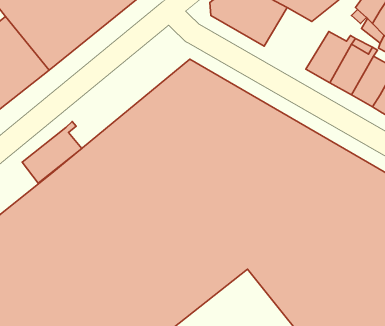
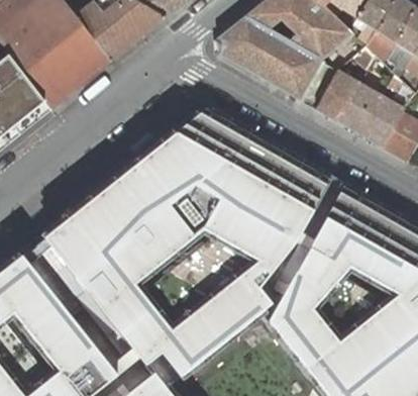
building: none -> [274,45,322,99]
building: [22,121,82,183] -> none

